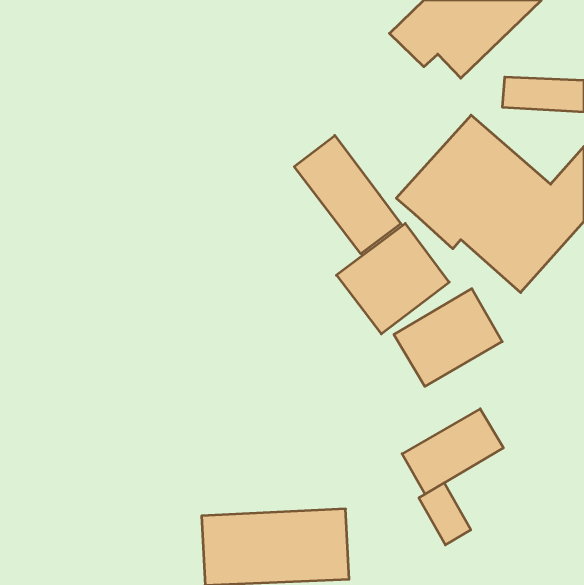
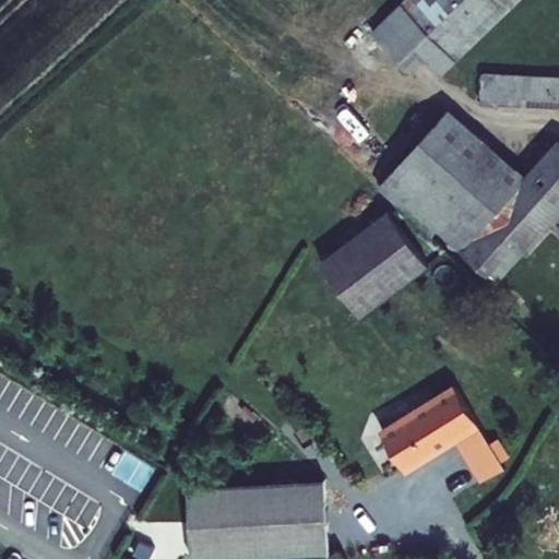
building: [294,135,401,254] -> none
building: [394,289,502,386] -> none
building: [419,483,471,545] -> [453,428,502,487]

